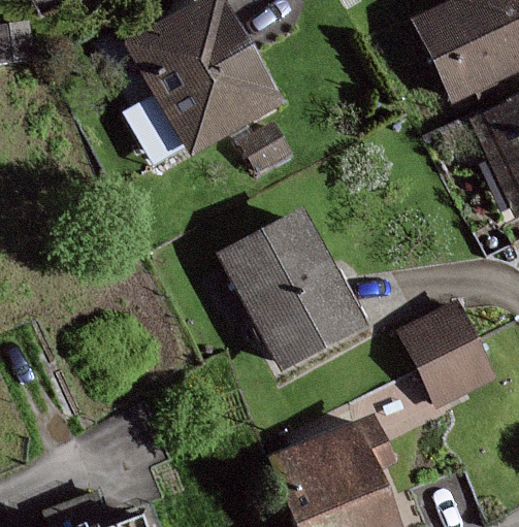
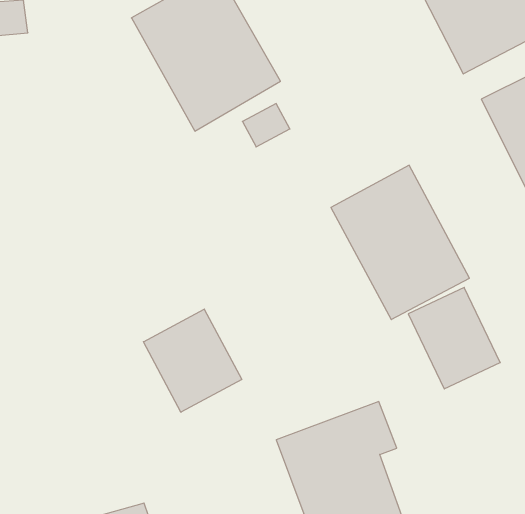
building: [225,215,360,365] -> [331,165,469,320]
building: none -> [143,309,242,412]

